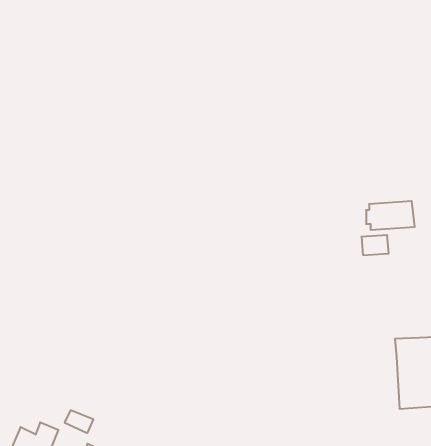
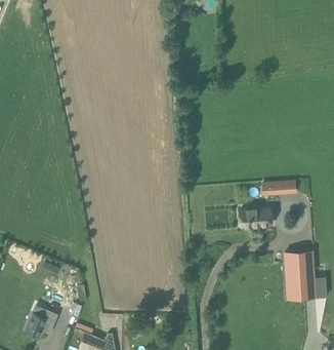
building: [366,201,415,230] -> [238,207,270,227]

